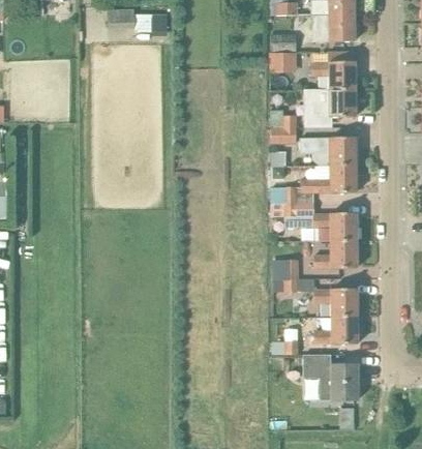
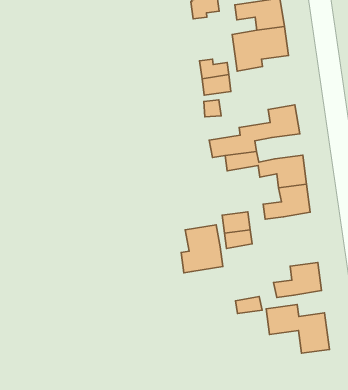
building: [299,138,355,166] -> none
building: none -> [181,225,223,273]
building: [313,289,357,317] -> none

